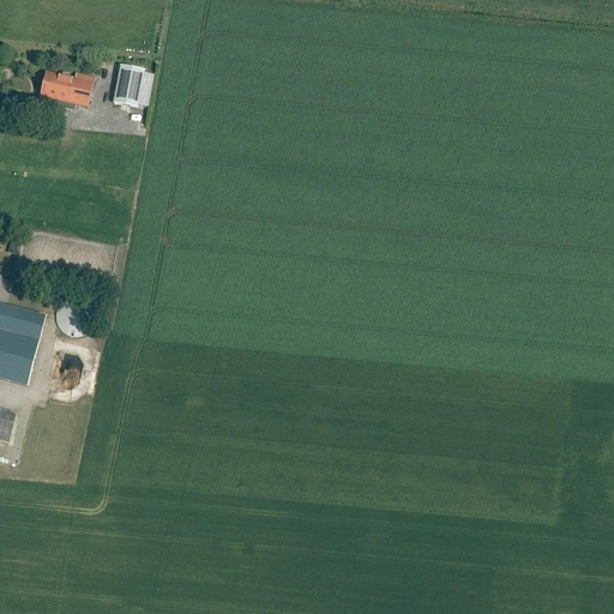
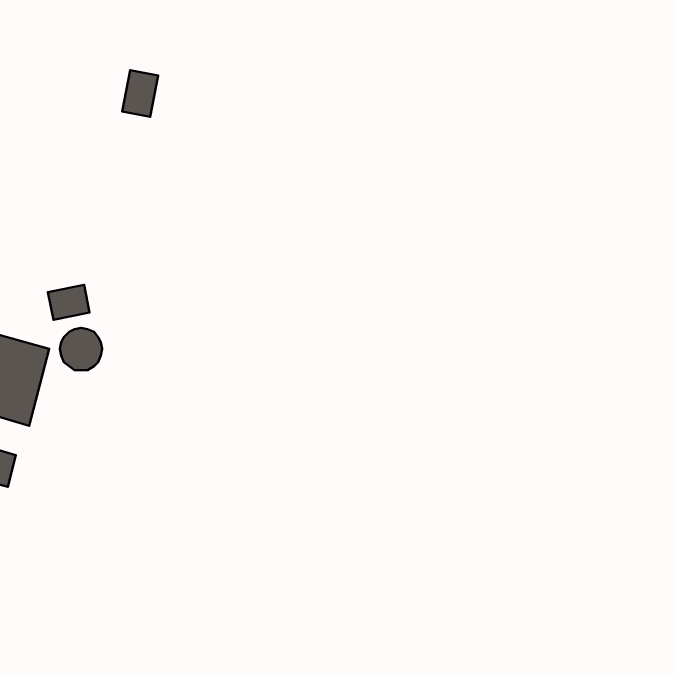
building: [38,71,92,112] -> none
building: none -> [48,285,89,320]

